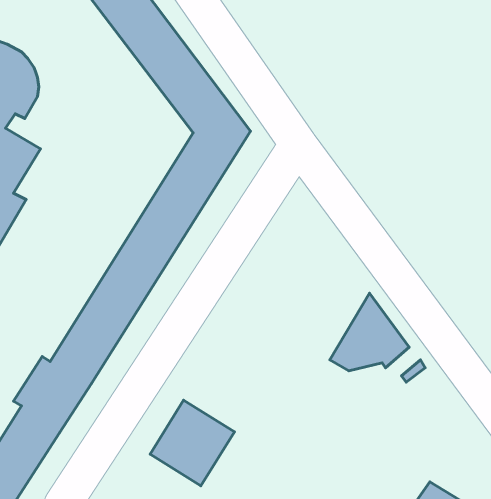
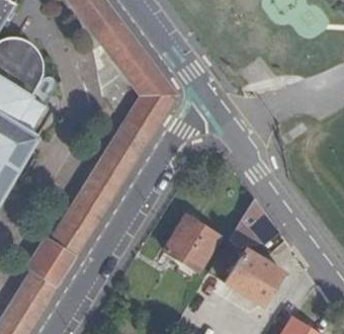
building: none -> [226,250,282,306]
building: [150,400,234,486] -> [166,217,220,271]

